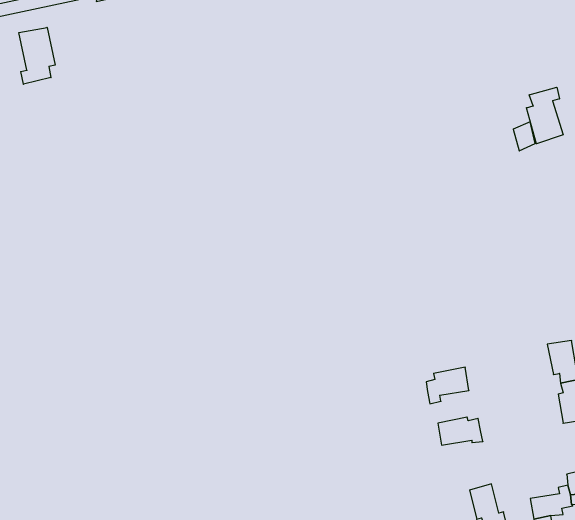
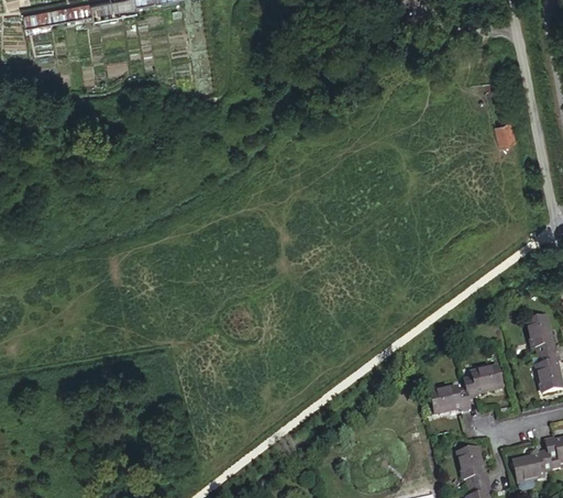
building: [19,27,55,84] -> none
building: [526,87,563,144] -> none
building: [426,367,469,404] -> [463,366,501,399]

